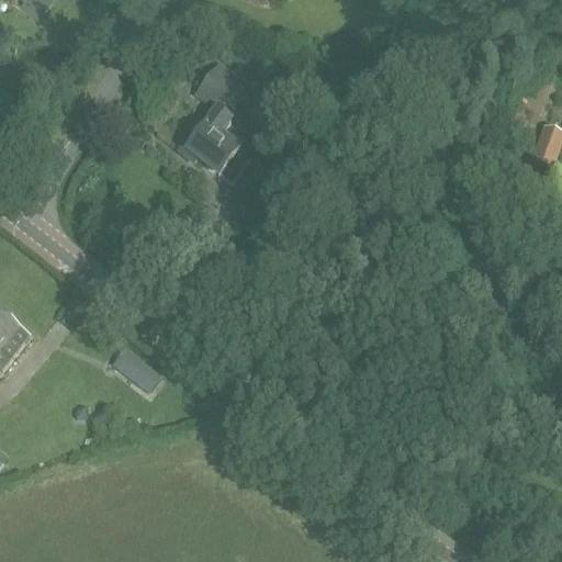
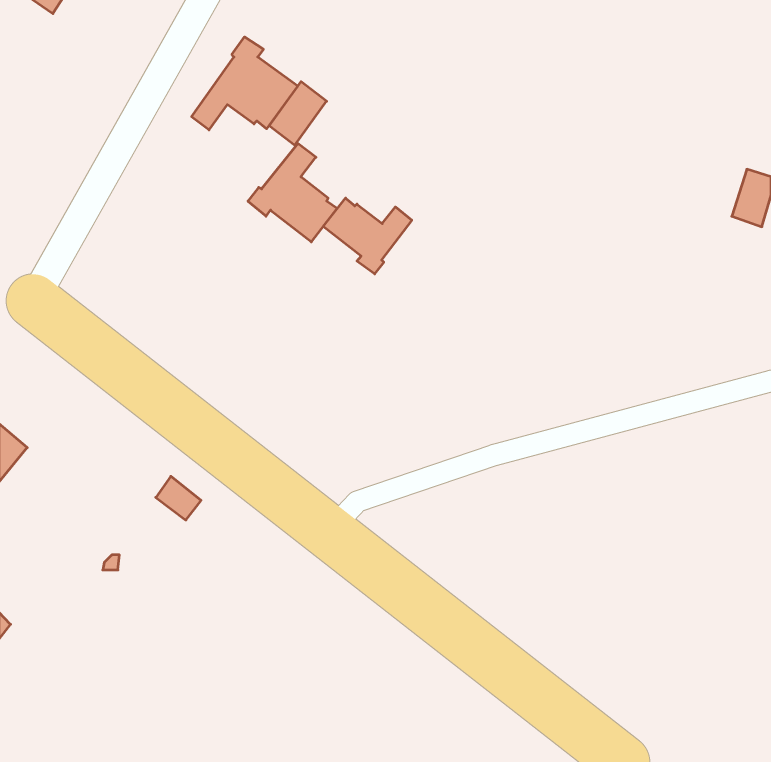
building: none -> [192,37,298,130]
building: none -> [323,198,412,274]

